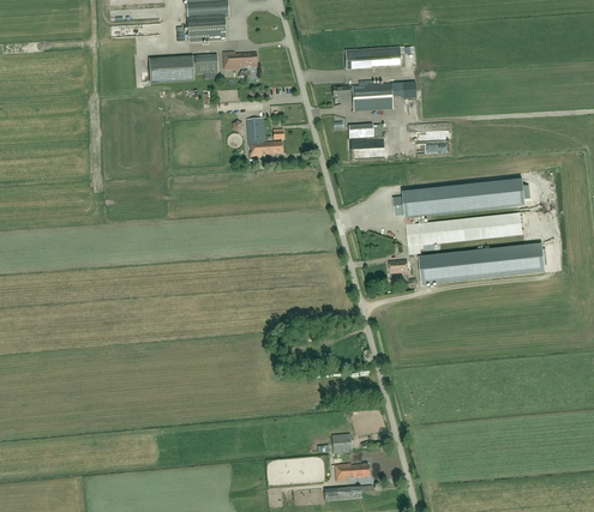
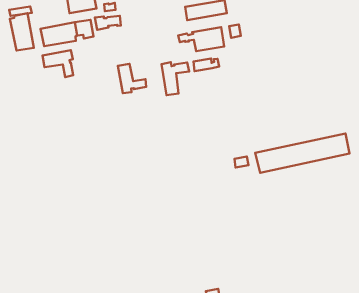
building: none -> [10,13,34,51]
building: none -> [42,50,73,77]
building: none -> [162,62,189,95]
building: [394,179,526,253] -> none

